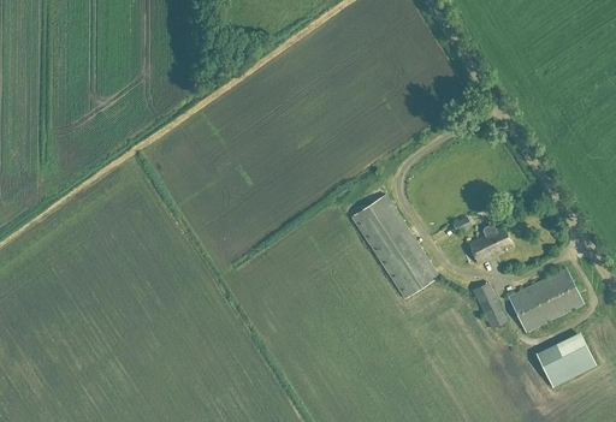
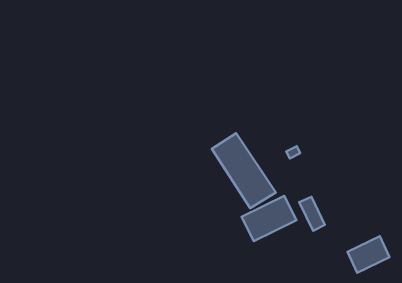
building: [468,225,513,263] -> none
building: [508,269,584,332] -> [241,196,297,241]

